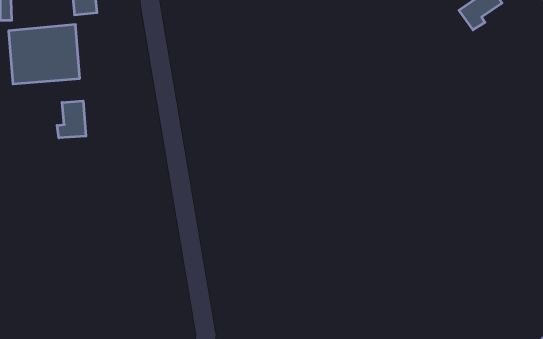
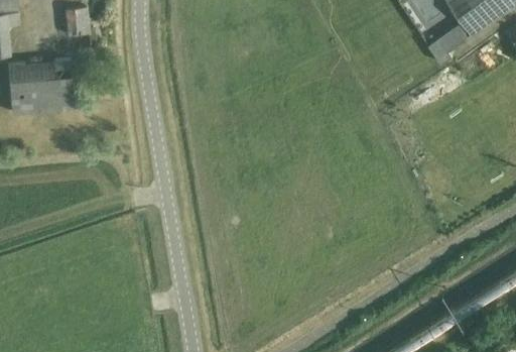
building: [57,101,86,138] -> none

